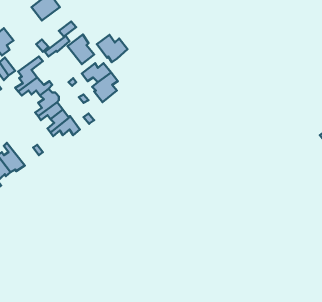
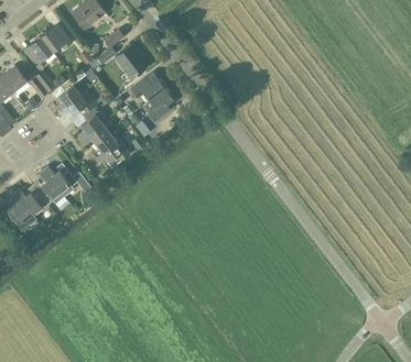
building: none -> [41,23,73,52]
building: [97,35,127,62] -> none
building: none -> [44,163,77,197]

